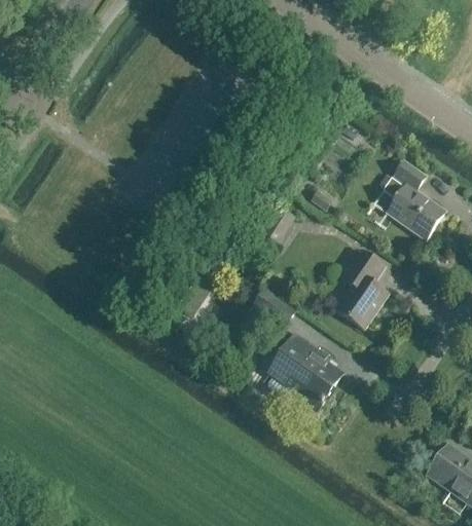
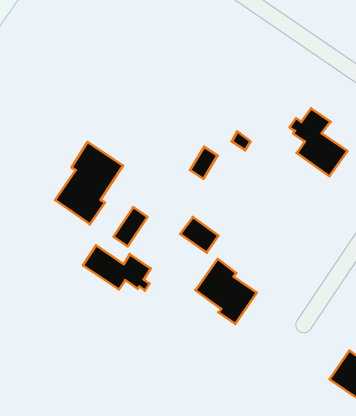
building: none -> [55,142,123,224]
building: [335,250,388,329] -> none
building: none -> [83,245,151,291]

